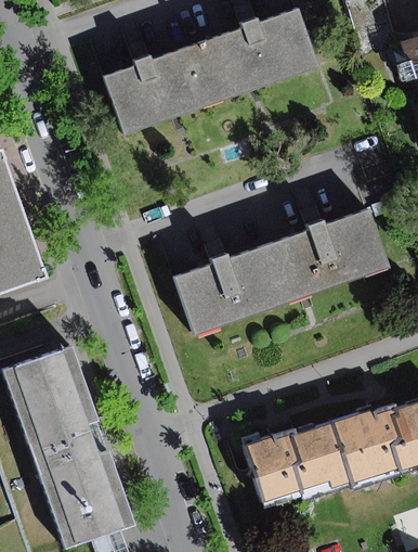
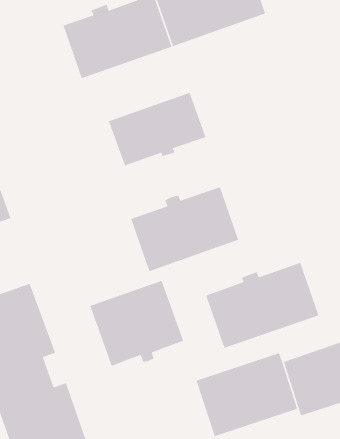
building: none -> [108,92,207,166]
building: [267,209,387,300] -> [205,262,320,349]
building: none -> [89,280,184,367]

